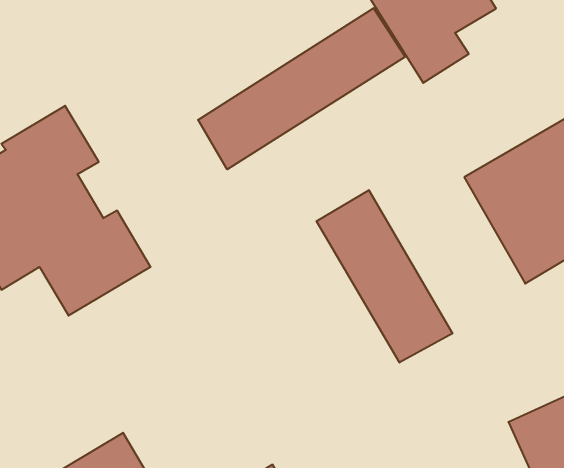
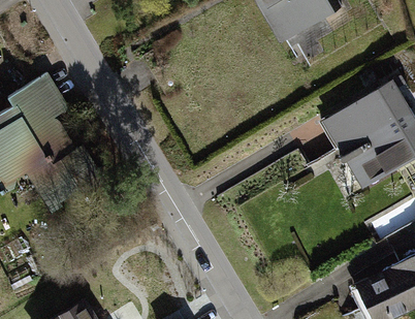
building: [198,8,405,169] -> none
building: [317,190,452,363] -> none

